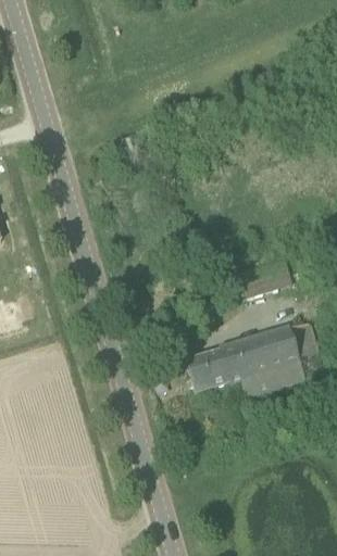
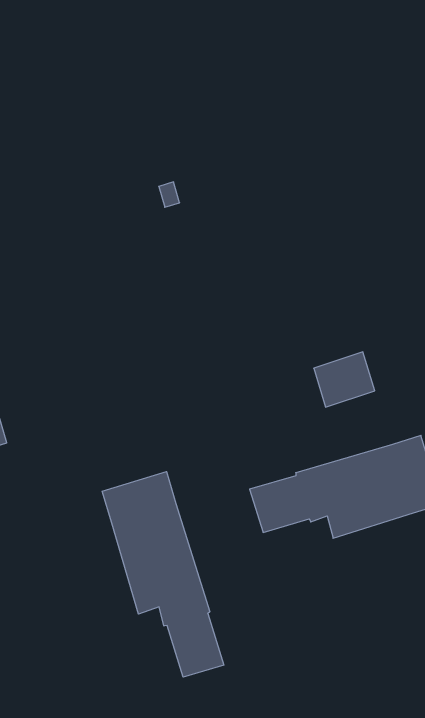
building: none -> [102,472,224,677]

